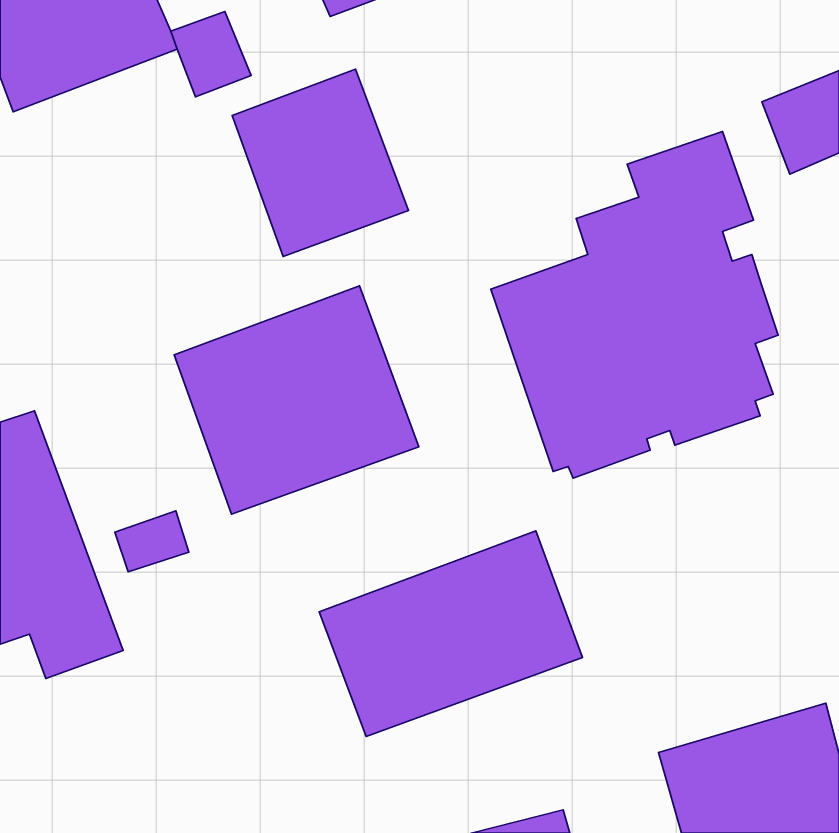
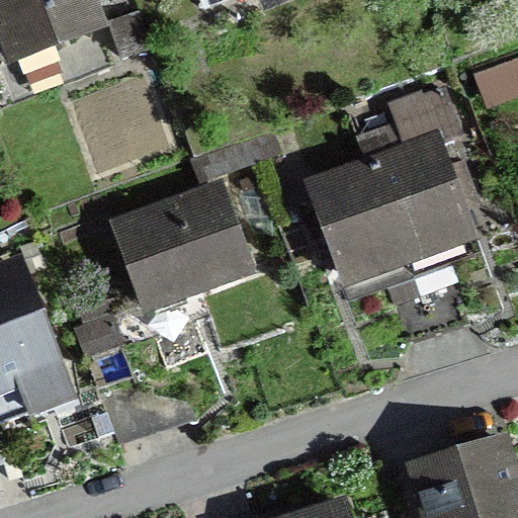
building: [232,69,408,256] -> none
building: [319,531,582,736] -> none

